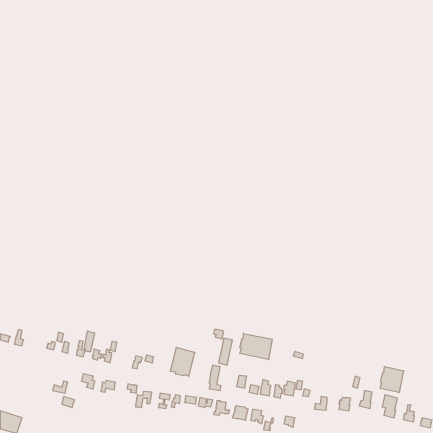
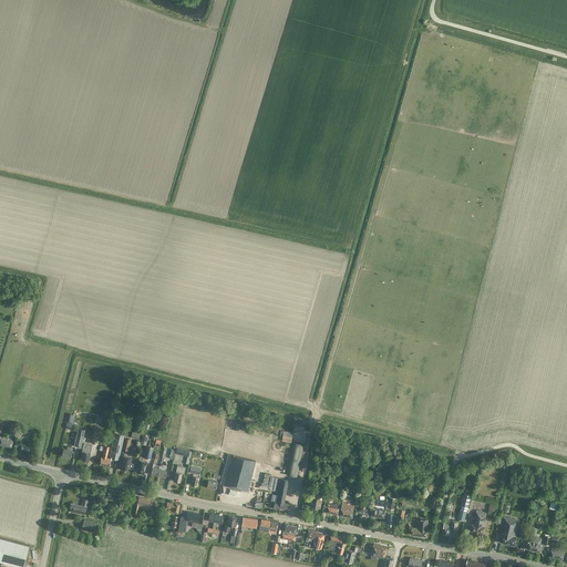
building: [240,333,272,360] -> none
building: [380,367,403,393] -> none

